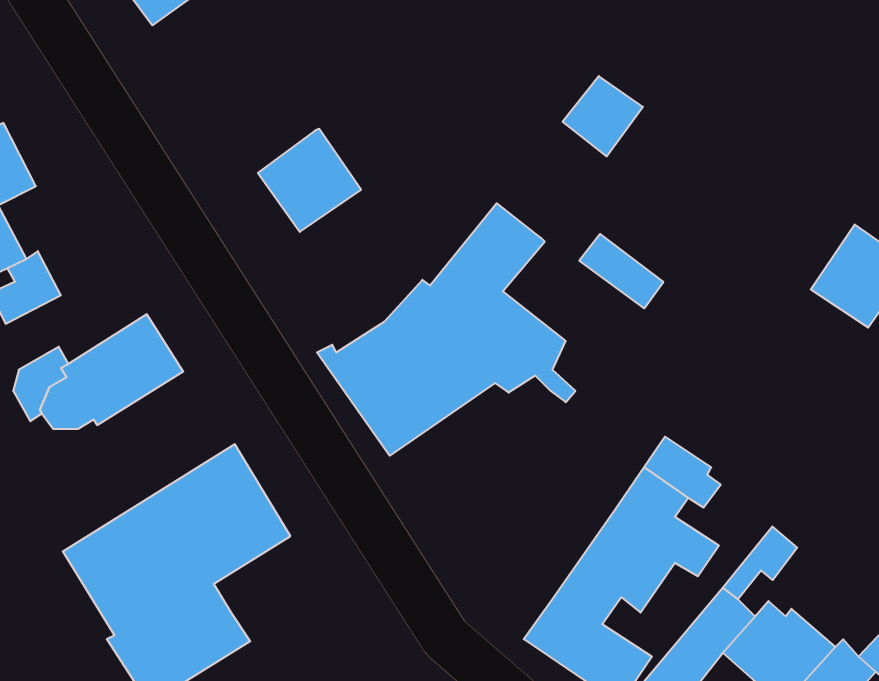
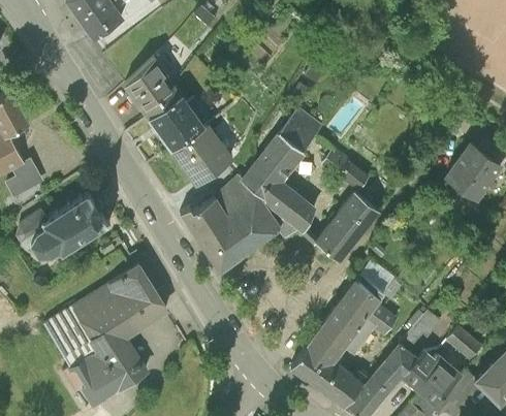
building: none -> [126,64,181,119]
building: [563,76,643,156] -> [279,110,322,154]
building: none -> [172,125,233,185]
building: none -> [316,194,378,261]
building: none -> [446,326,480,359]

